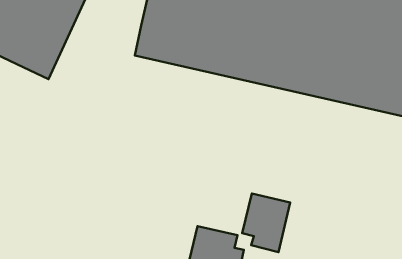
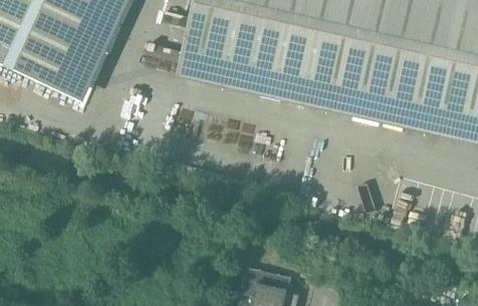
building: [242,193,290,252] -> none

